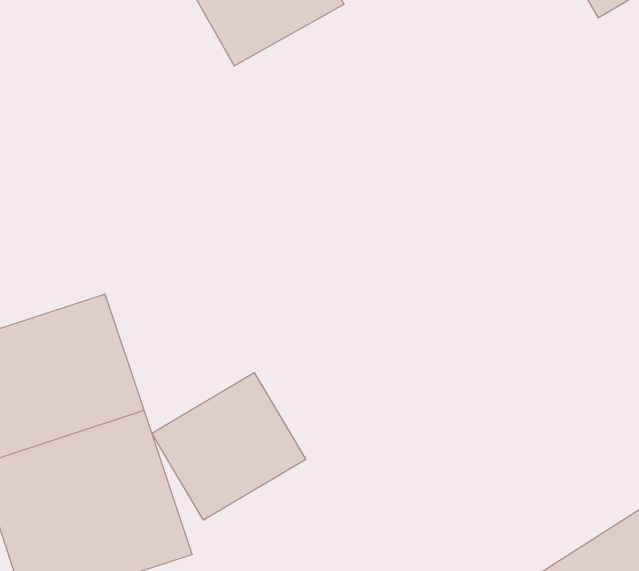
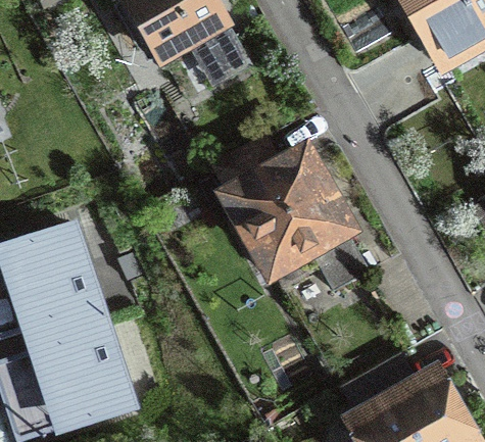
building: none -> [221,142,373,299]
building: [152,373,306,520] -> none

